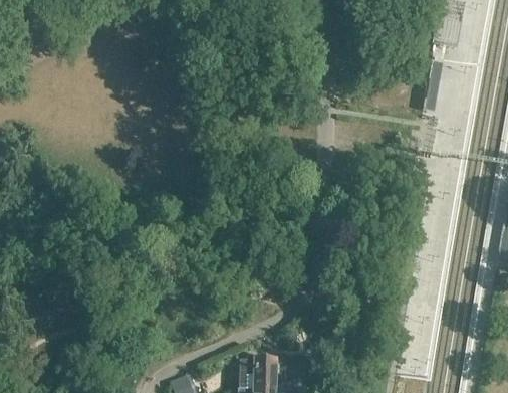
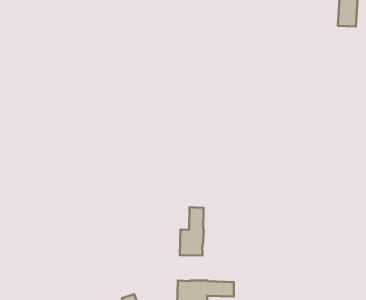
building: none -> [180,207,204,256]

